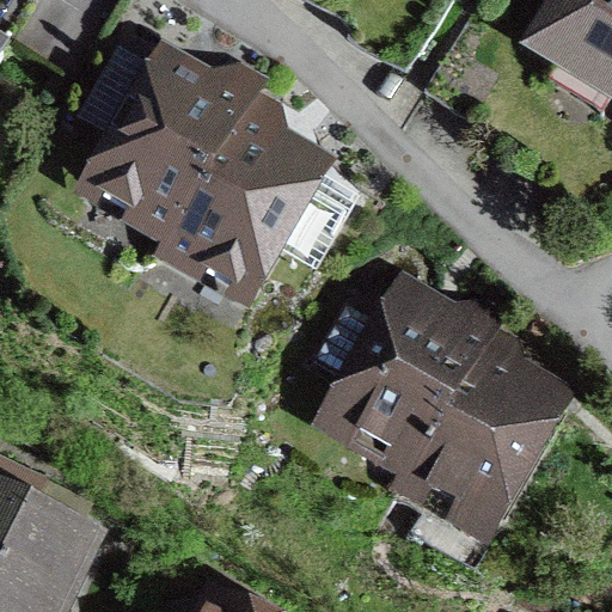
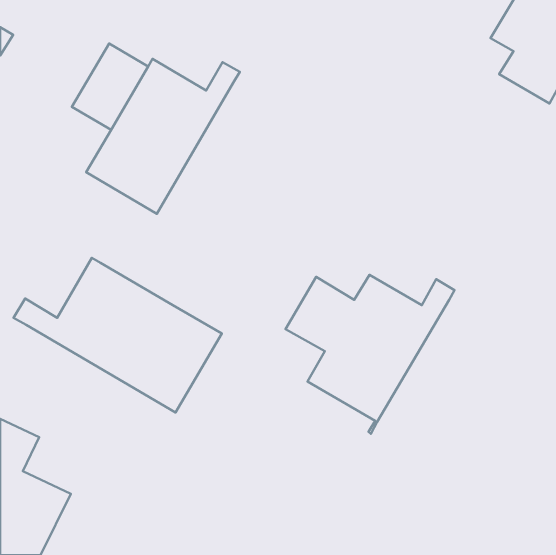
building: [166,91,354,292] -> none
building: none -> [13,258,222,412]
building: [408,329,555,520] -> none

